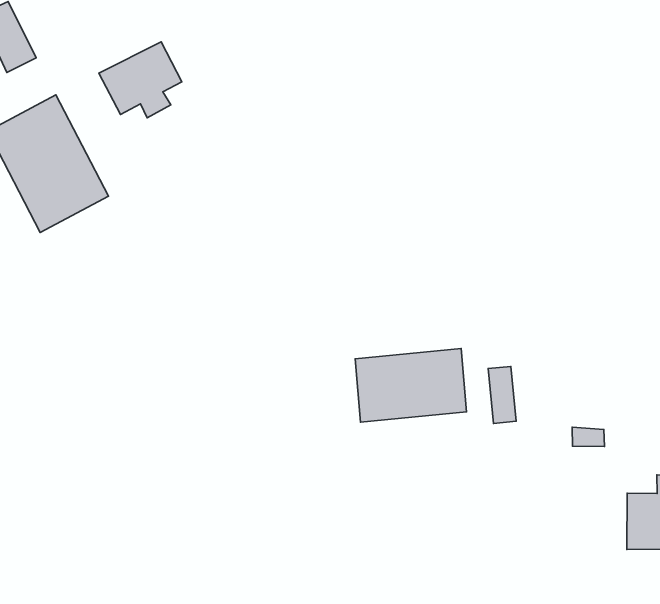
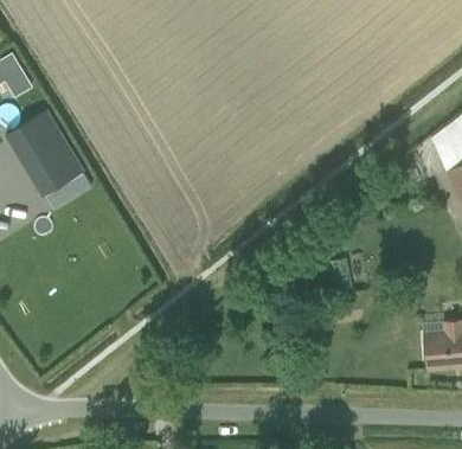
building: [99,42,182,118] -> none
building: [355,348,467,422] -> none

